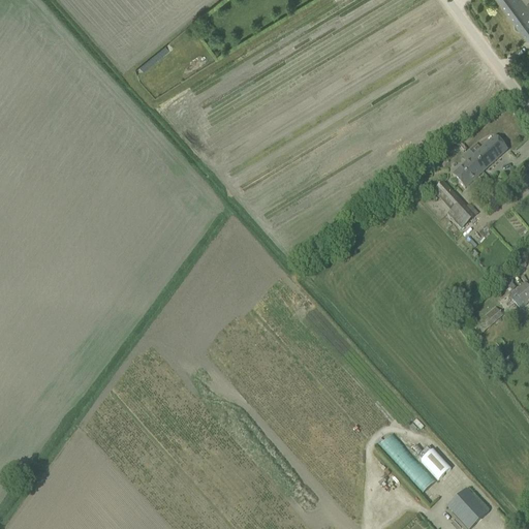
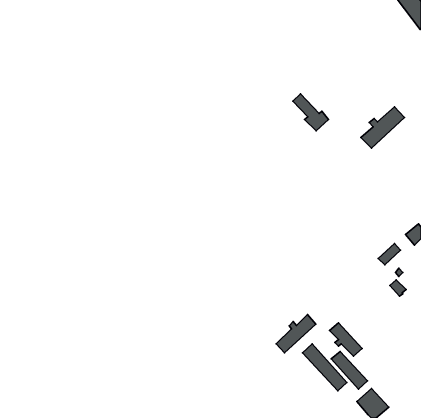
building: [433,181,477,227] -> [293,94,328,131]
building: none -> [276,315,316,353]
building: none -> [329,323,362,356]

